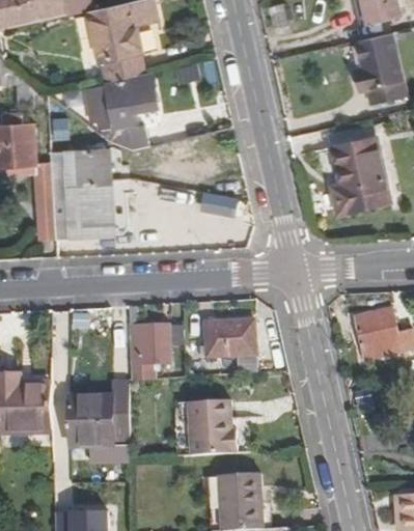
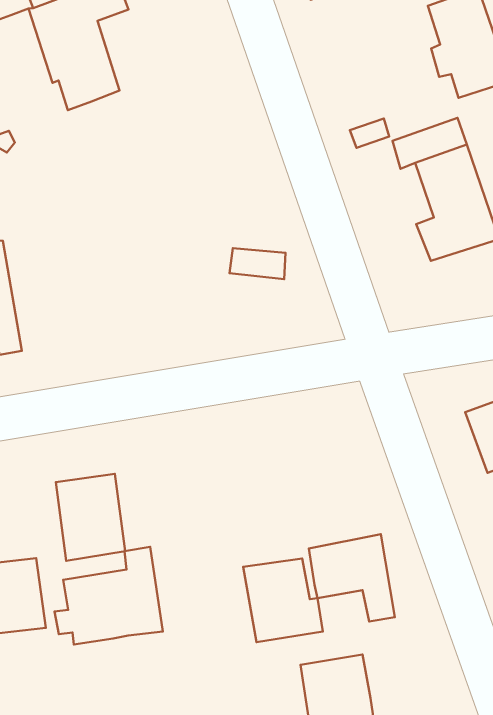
building: [88,72,158,151] -> none
building: [54,148,113,234] -> none
building: [203,318,256,376] -> [309,534,395,622]
building: [127,327,168,382] -> [56,474,125,561]

